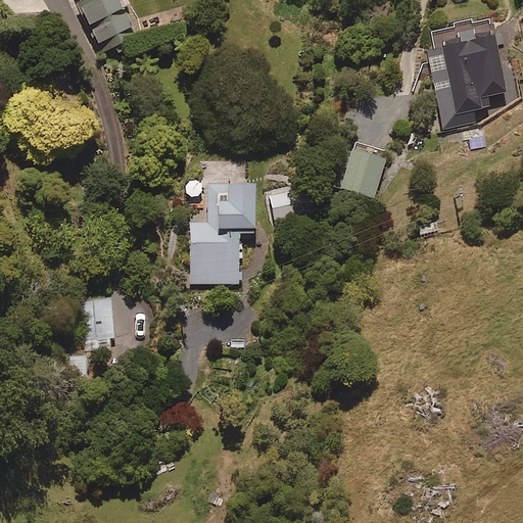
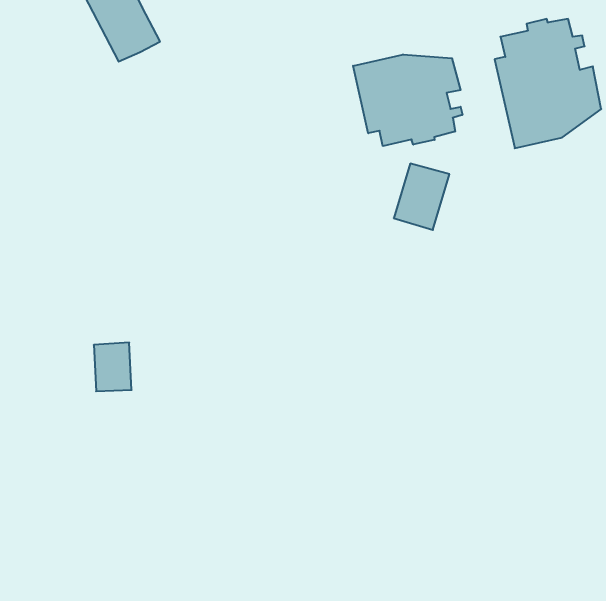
building: none -> [353,54,462,146]
building: [189,185,253,282] -> none

